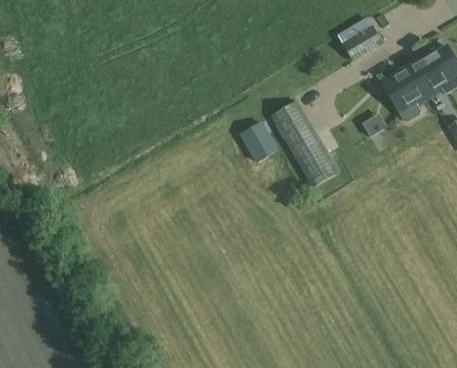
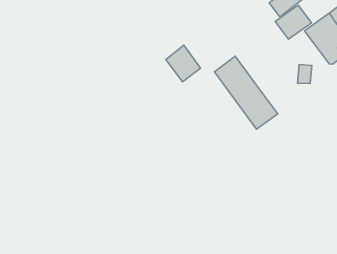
building: none -> [275,5,311,39]
building: [237,117,276,159] -> [166,45,201,82]

